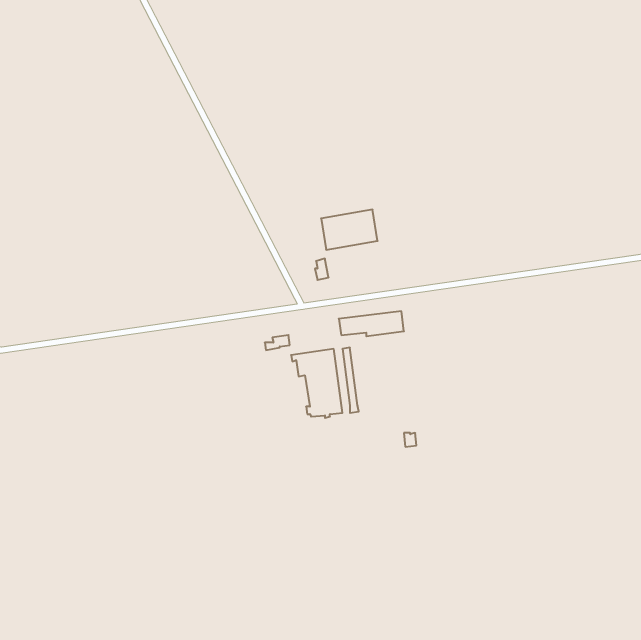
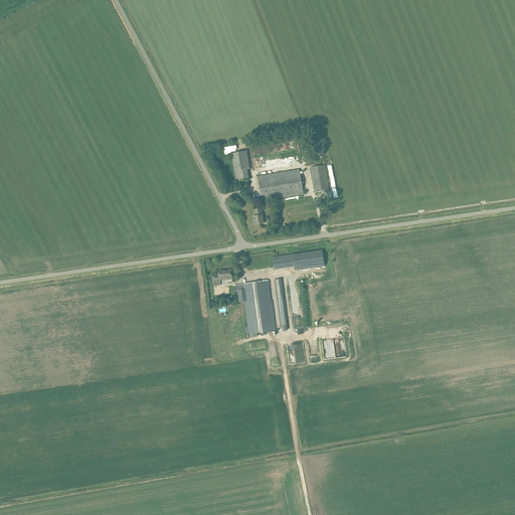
building: none -> [231,150,249,181]
building: none -> [311,164,330,192]

